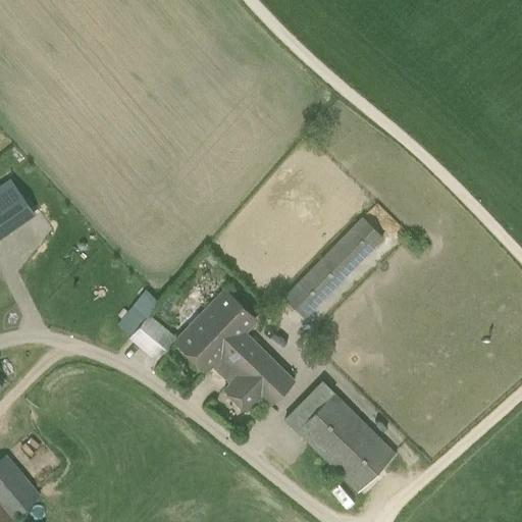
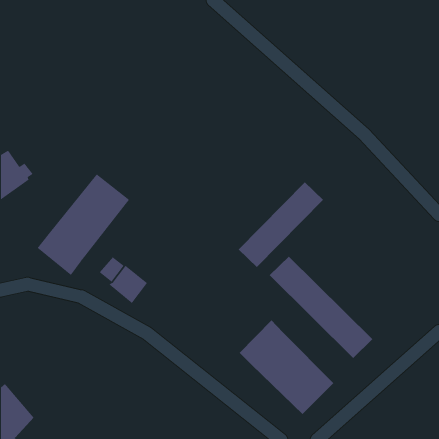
building: none -> [37,174,130,276]
building: [175,294,295,413] -> none
building: none -> [269,256,373,359]

